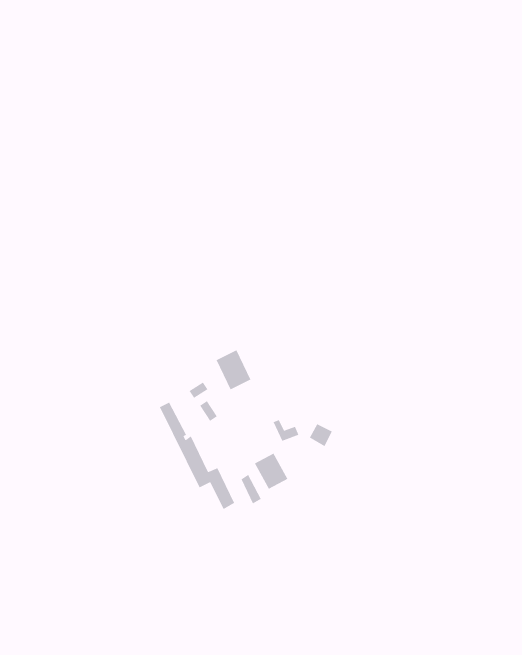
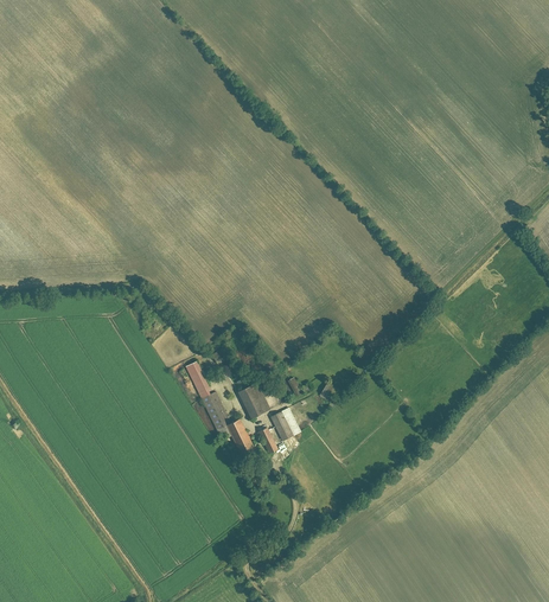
building: [215,349,252,391] -> [237,380,269,417]

